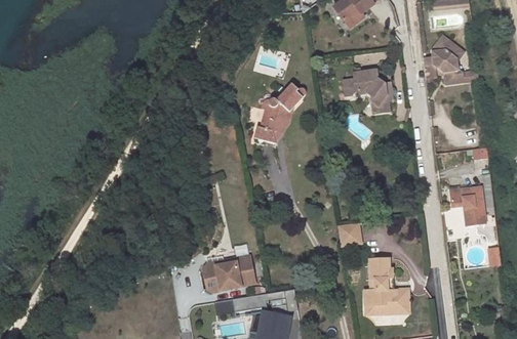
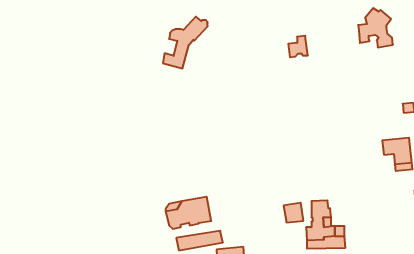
building: [362,70,392,112] -> none
building: [253,84,305,143] -> [163,17,208,68]
building: [337,222,360,245] -> [284,203,303,222]

